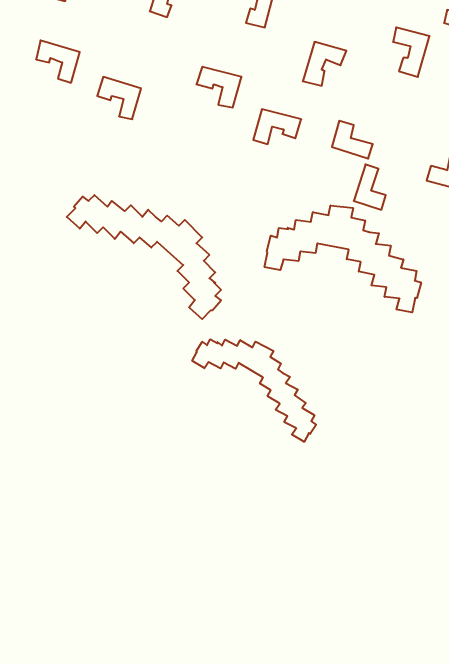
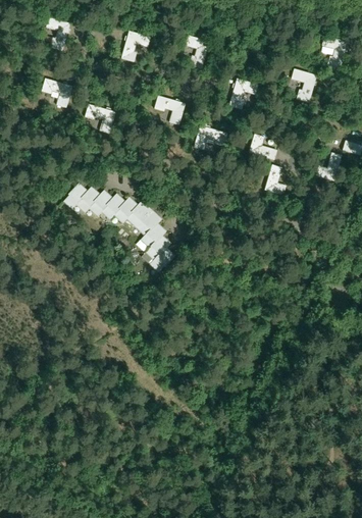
building: [265,205,421,312] -> none
building: [192,339,316,442] -> none

